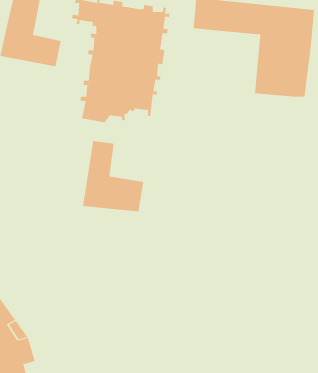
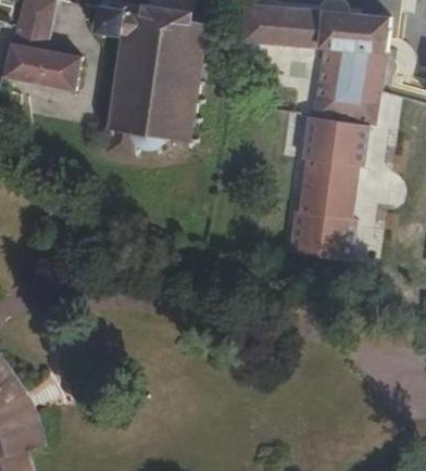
building: none -> [286,117,367,260]
building: [82,140,144,212] -> none

